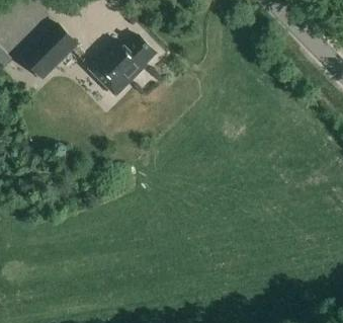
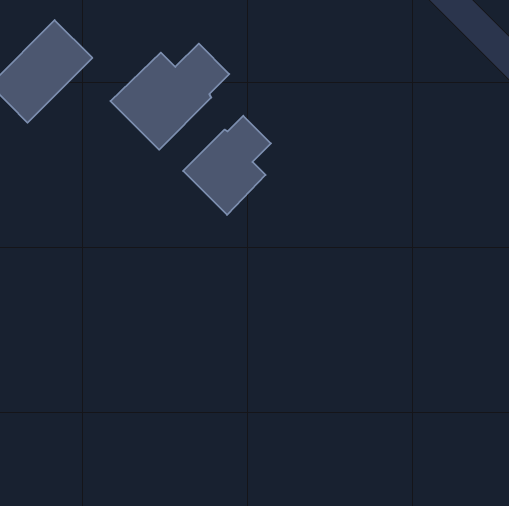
building: none -> [183,116,271,215]

